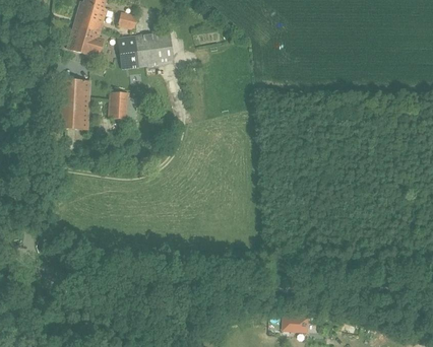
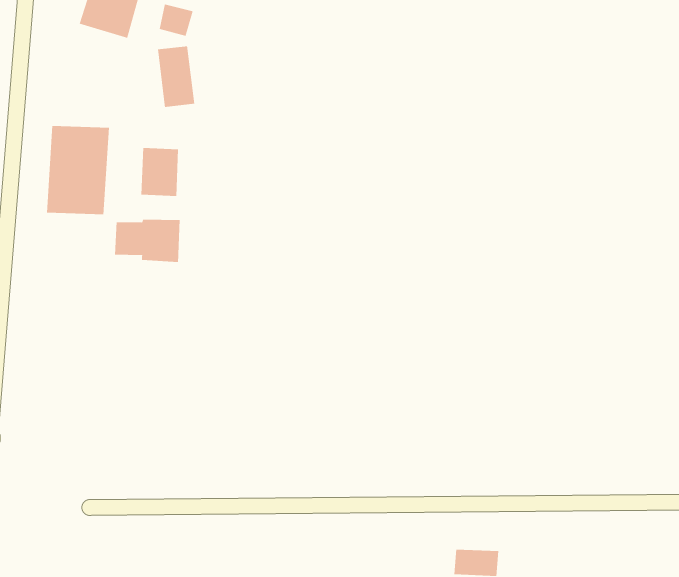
building: [66,22,105,57] -> none
building: [134,29,174,67] -> none
building: none -> [114,219,180,263]

